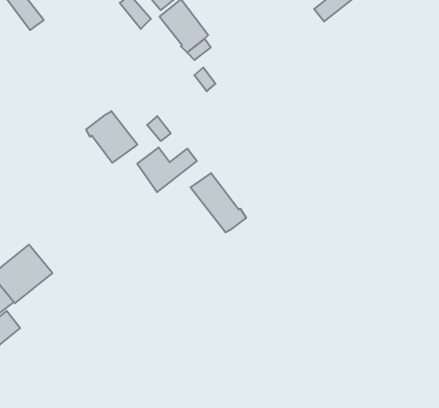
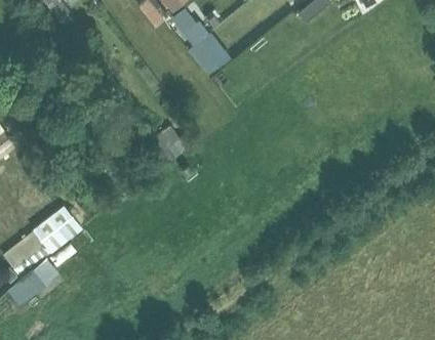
building: [86,111,137,163] -> none
building: [190,173,246,232] -> none

